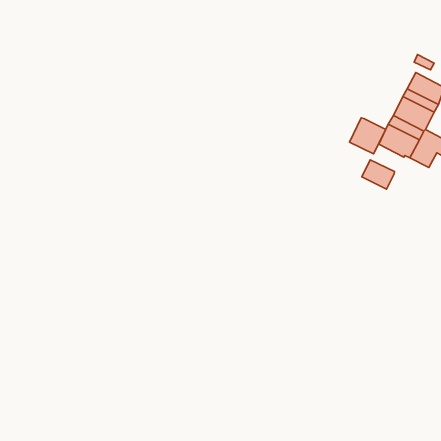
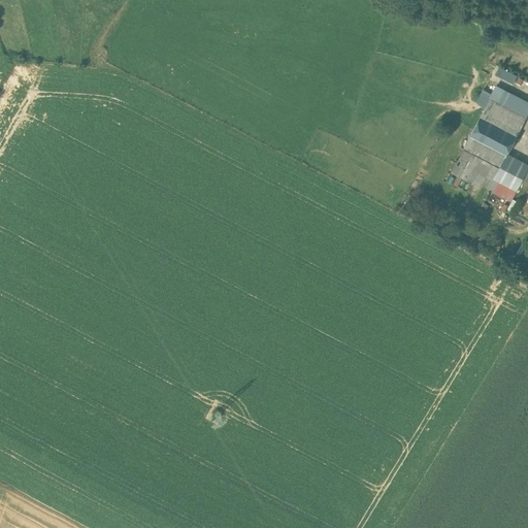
building: [349,118,386,154] -> none
building: [362,160,395,189] -> none

